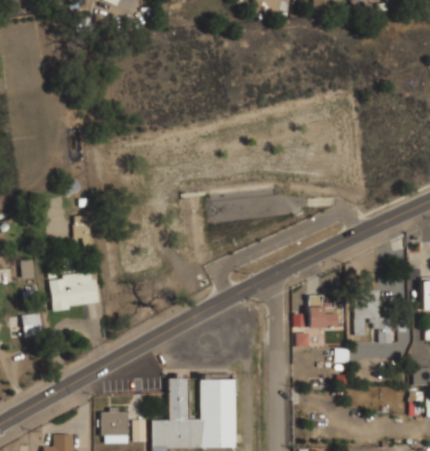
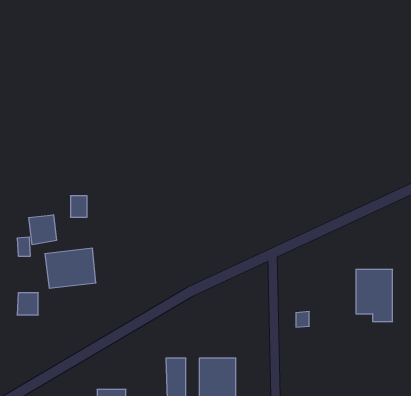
building: none -> [29,215,56,245]
building: [306,296,342,327] -> none

